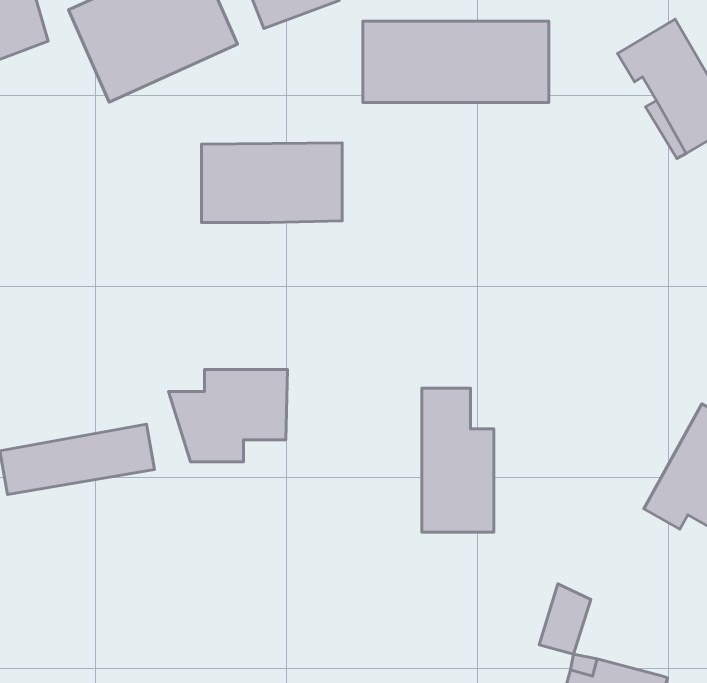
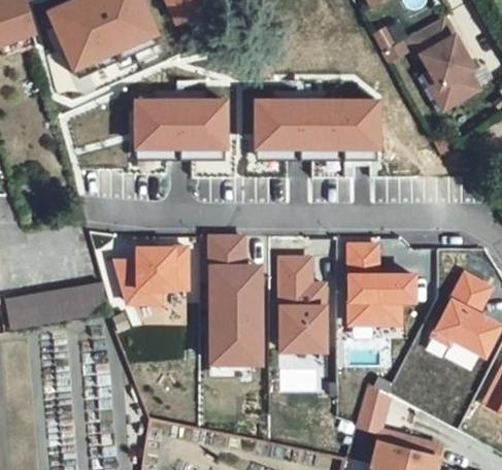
building: [363,21,549,103] -> [256,96,378,149]
building: none -> [208,235,263,369]
building: none -> [346,244,415,328]

